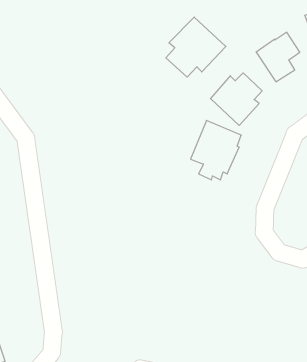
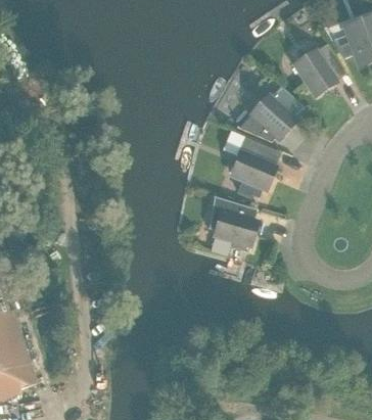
building: [166,17,226,77] -> none
building: none -> [207,198,257,251]

